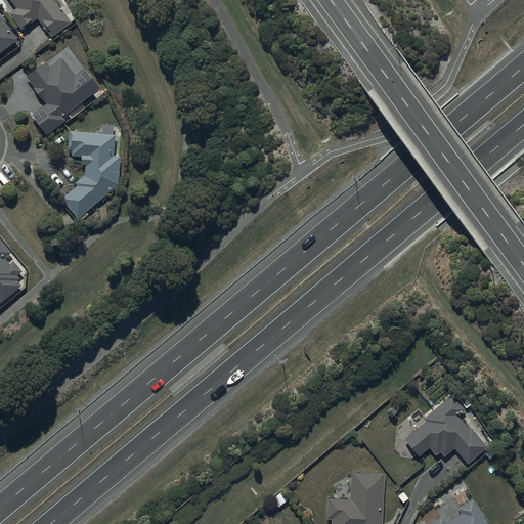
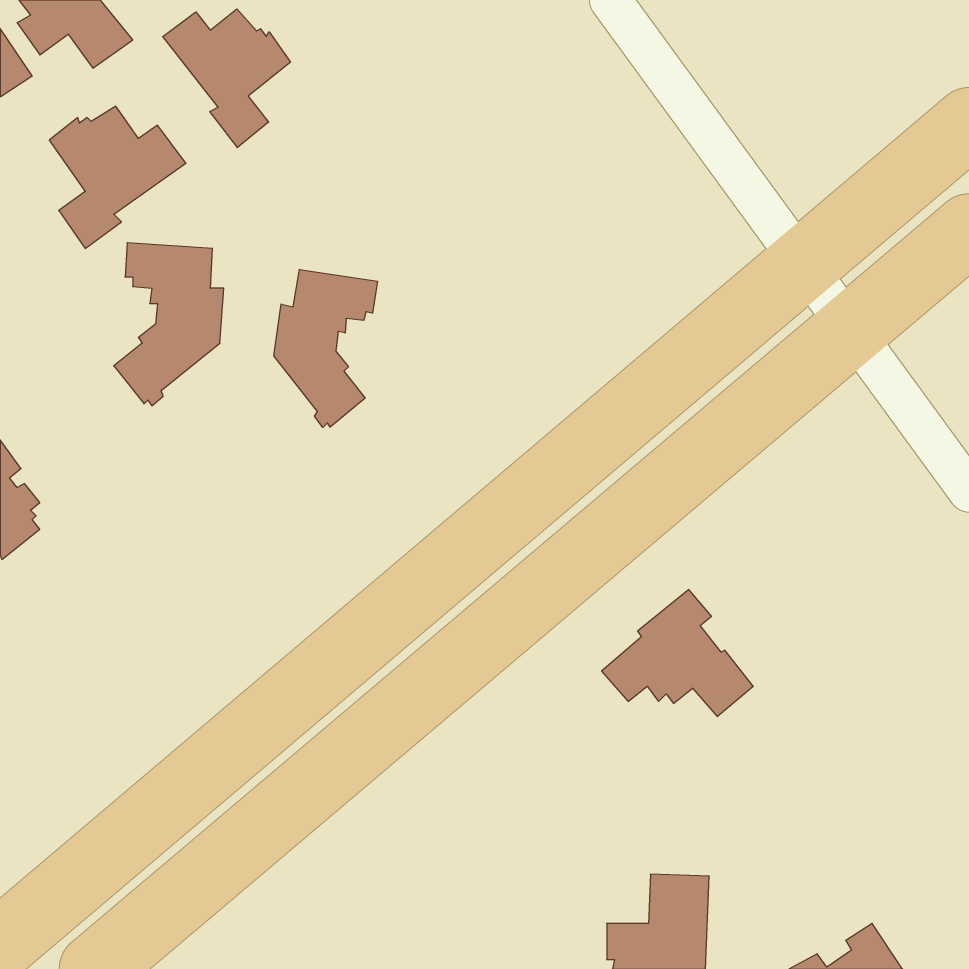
building: none -> [163,9,290,148]
building: none -> [274,269,378,427]
building: [404,395,486,464] -> [602,590,753,717]

